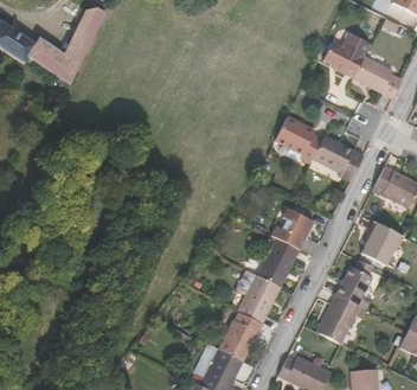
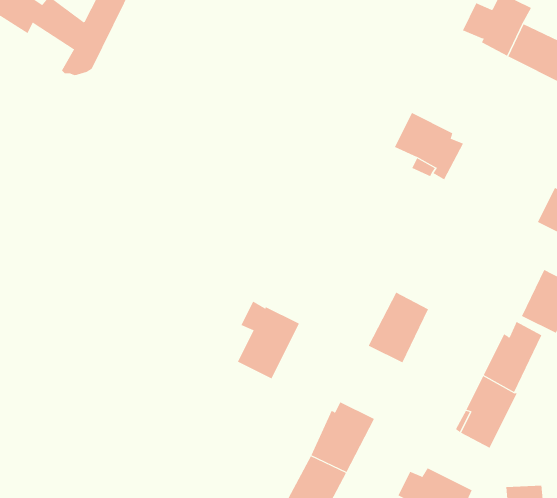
building: [312,136,363,179] -> none
building: [271,206,313,249] -> none
building: [238,270,281,324] -> [237,301,300,379]

